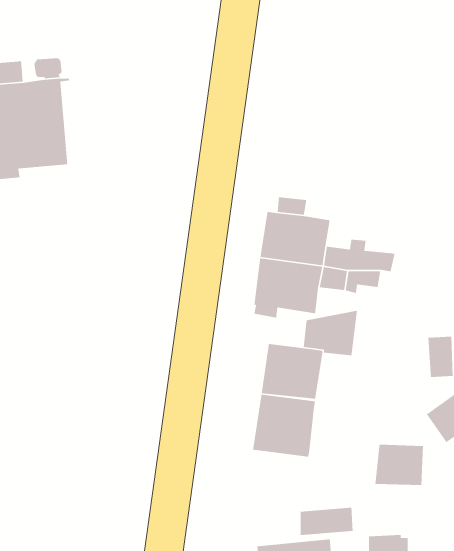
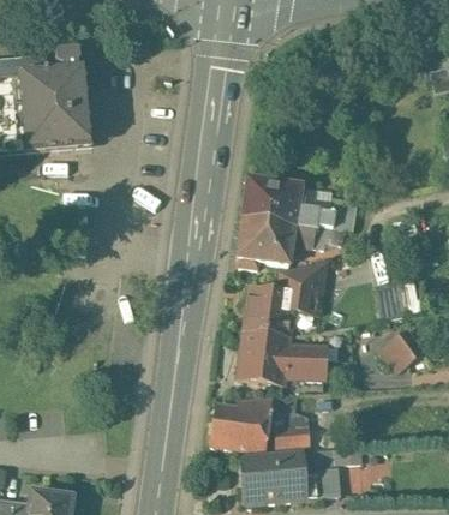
building: [374,444,424,486] -> [286,345,327,379]
building: none -> [211,399,273,451]

